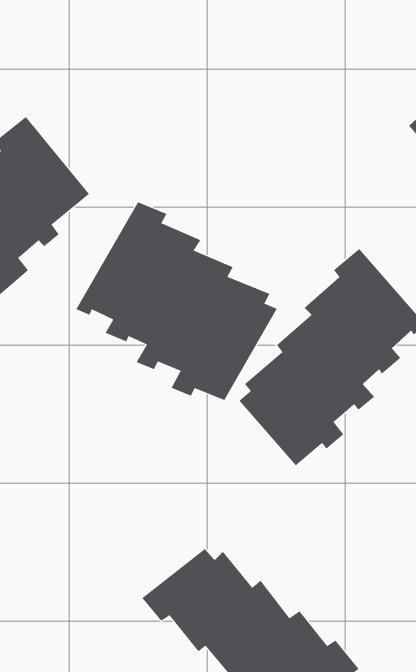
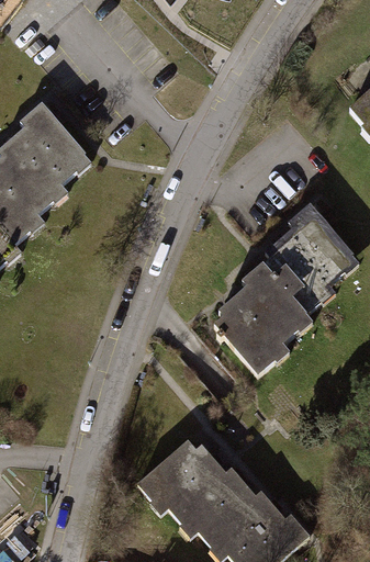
building: [76,202,277,401] -> none

